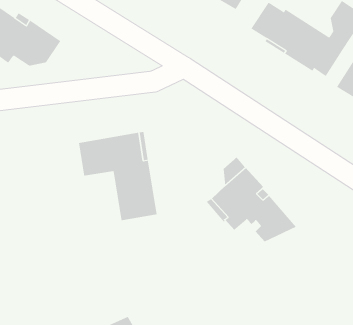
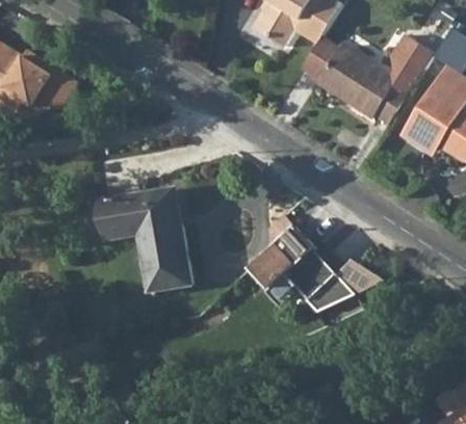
building: none -> [335,264,383,298]

